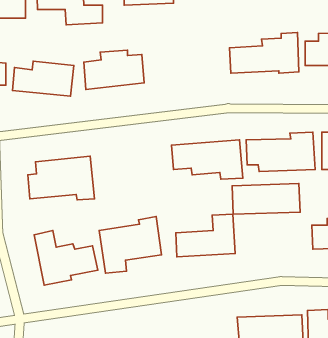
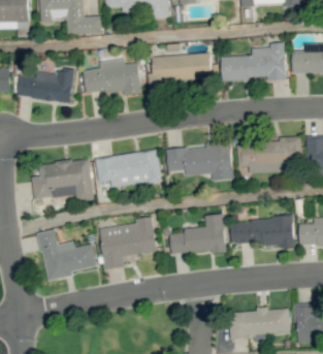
building: none -> [148,53,212,85]
building: none -> [95,151,161,188]
building: [232,184,300,214] -> [230,218,294,247]

